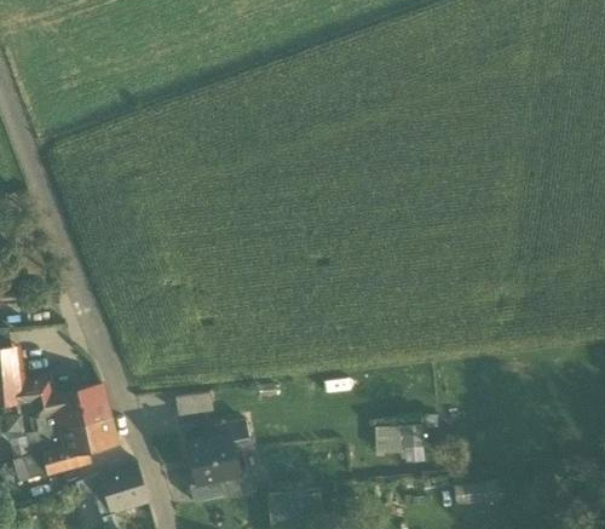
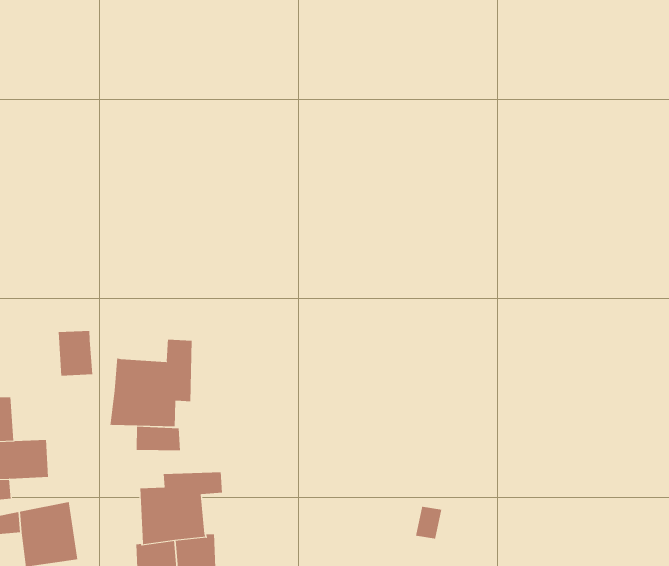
building: none -> [110,339,192,427]
building: [81,384,113,421] -> [58,331,93,376]
building: [371,422,399,450] -> none

